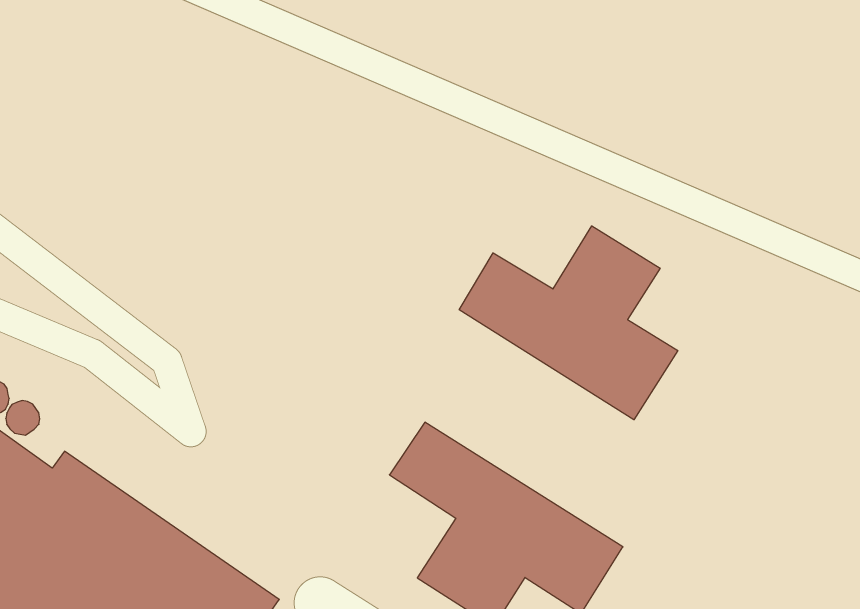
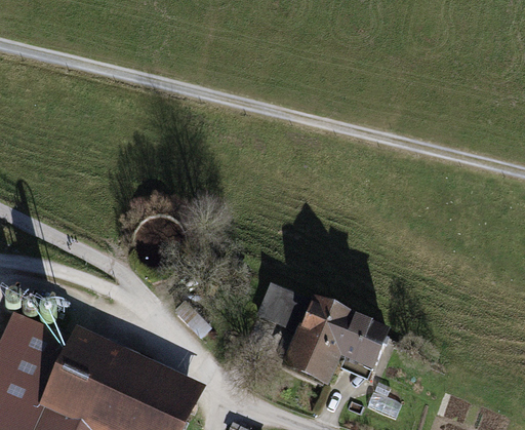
building: [459,226,678,420] -> none

